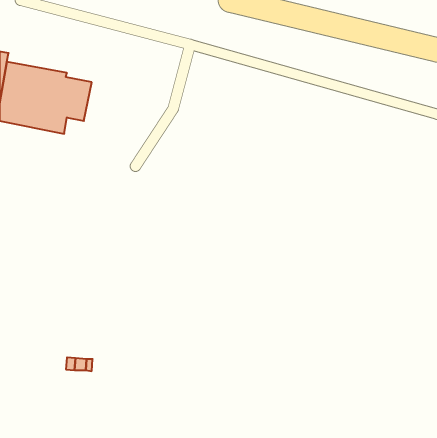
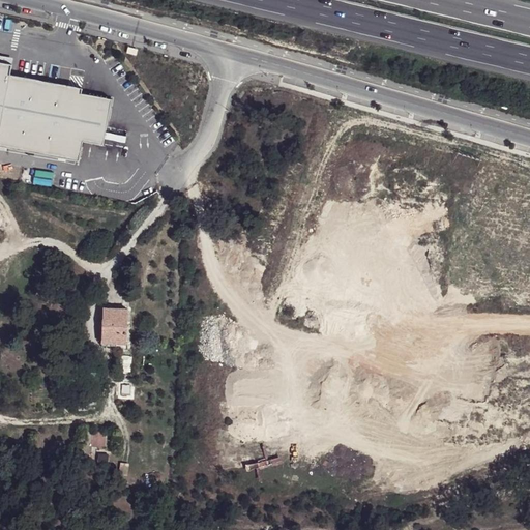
building: none -> [99,308,126,341]

